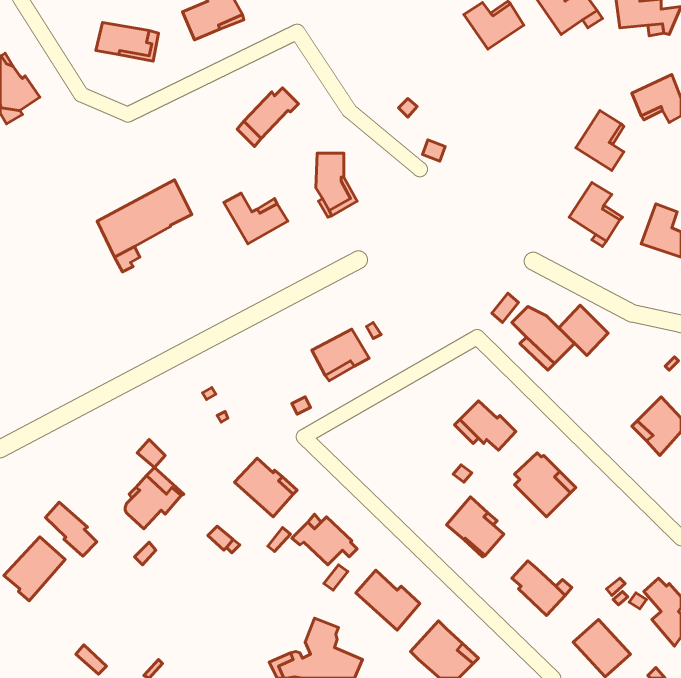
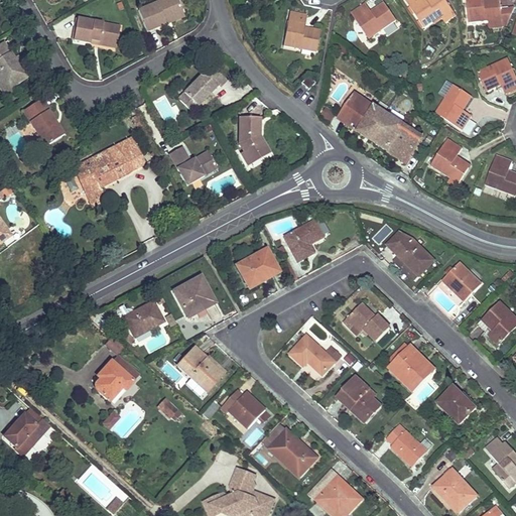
building: none -> [283,10,319,50]
building: none -> [338,92,422,161]
building: none -> [22,97,63,144]
building: none -> [285,221,324,261]
building: [559,305,608,356] -> [443,262,481,300]
building: none -> [173,275,215,316]
building: none -> [109,300,164,338]
building: none -> [290,335,341,374]
building: [45,502,97,556] -> none
building: none -> [438,386,476,423]
building: none -> [262,422,303,448]

